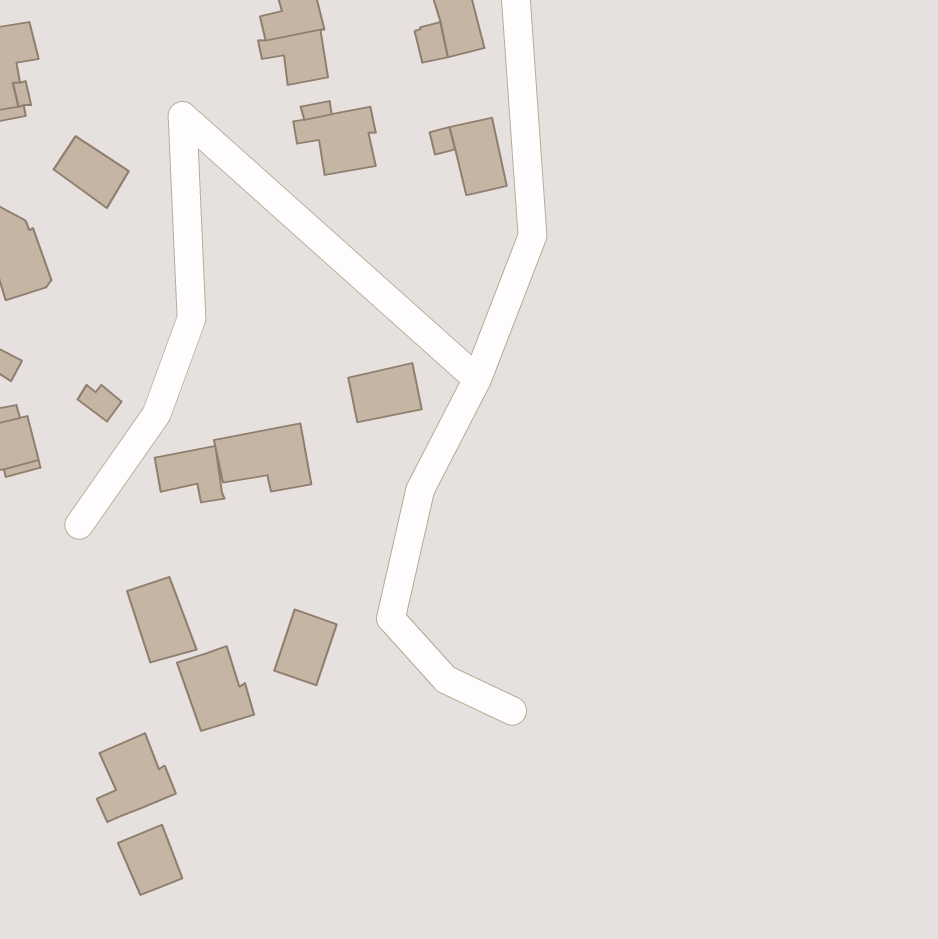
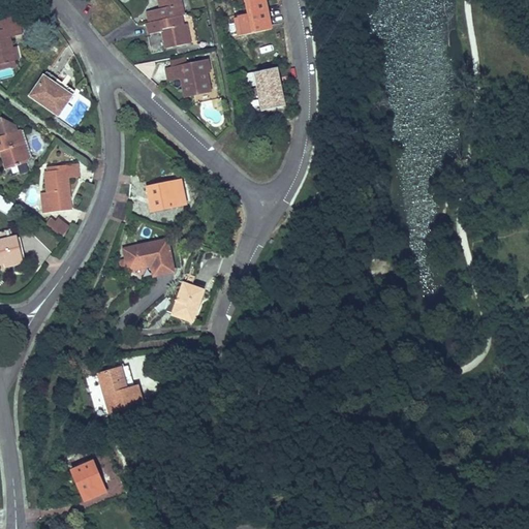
building: none -> [38,162,79,212]
building: [348,363,422,422] -> [145,178,186,211]
building: [155,446,225,503] -> none
building: [127,577,197,663] -> none
building: [274,610,337,685] -> [169,280,205,322]
building: [97,733,176,822] -> none

